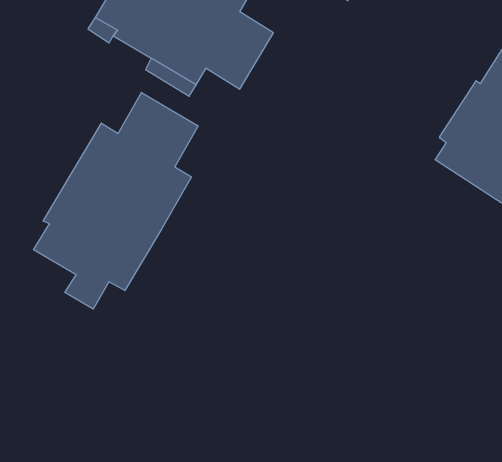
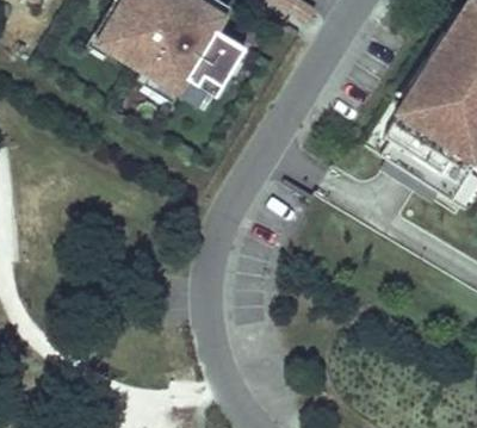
building: [34,92,198,309] -> none

